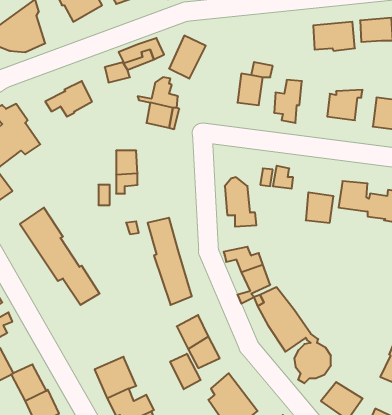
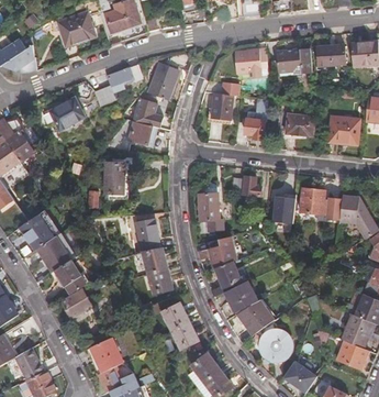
building: none -> [234,49,266,80]
building: none -> [64,290,94,319]
building: [170,354,201,389] -> none

